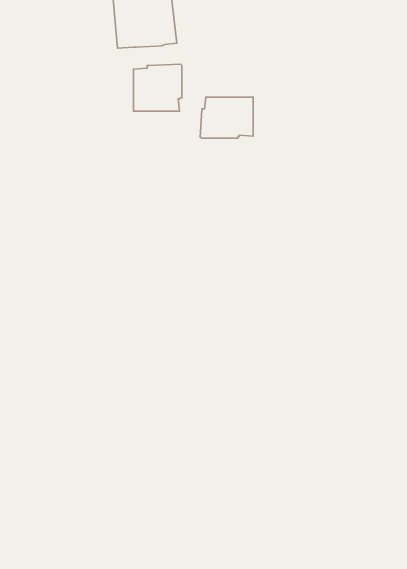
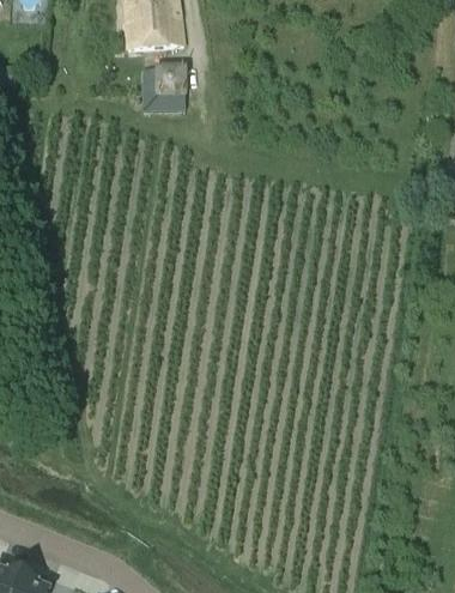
building: [200,97,253,138] -> none

